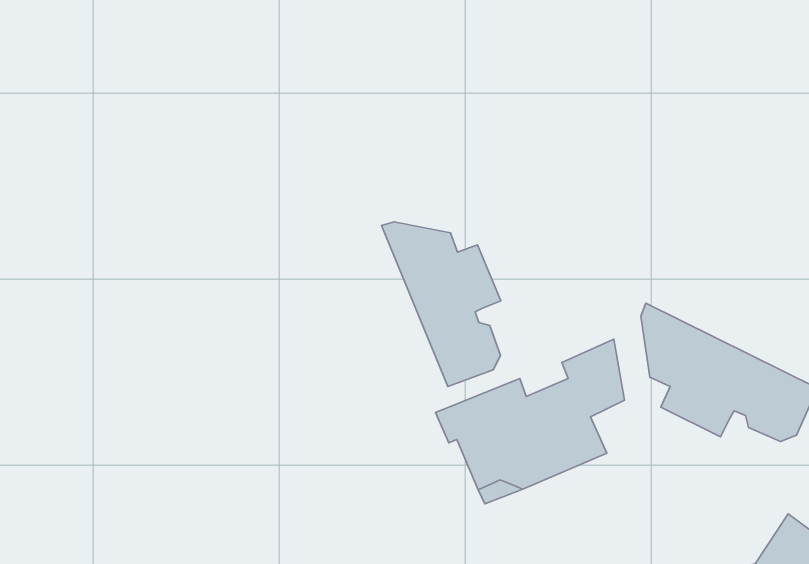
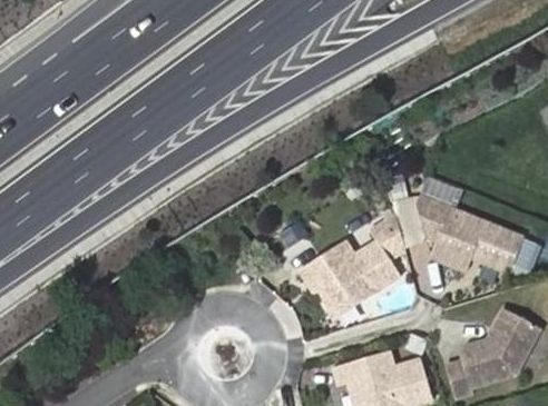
building: [382,222,501,386] -> none

